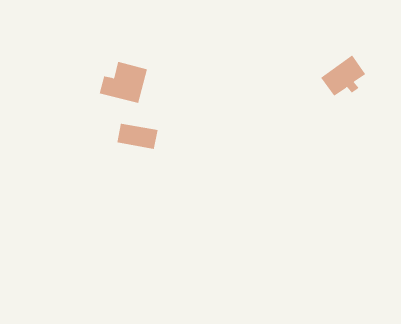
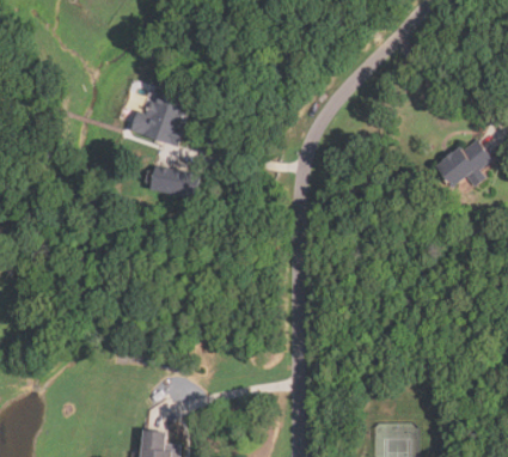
building: [320,54,366,97] -> [433,136,489,188]

